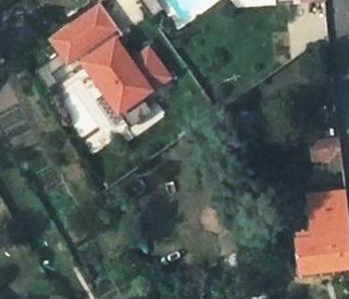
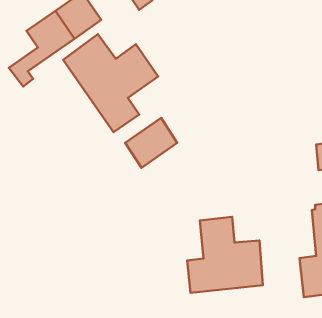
building: none -> [125,118,177,168]
building: none -> [187,217,263,293]

